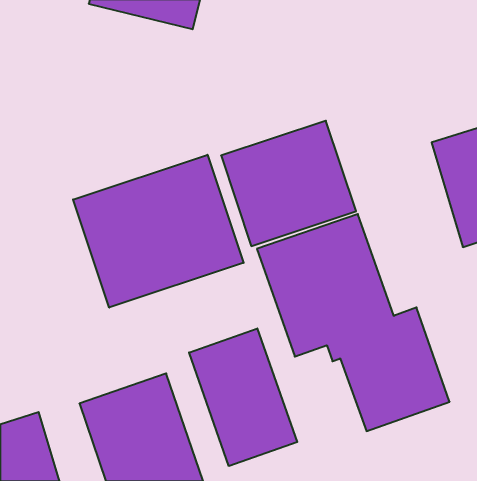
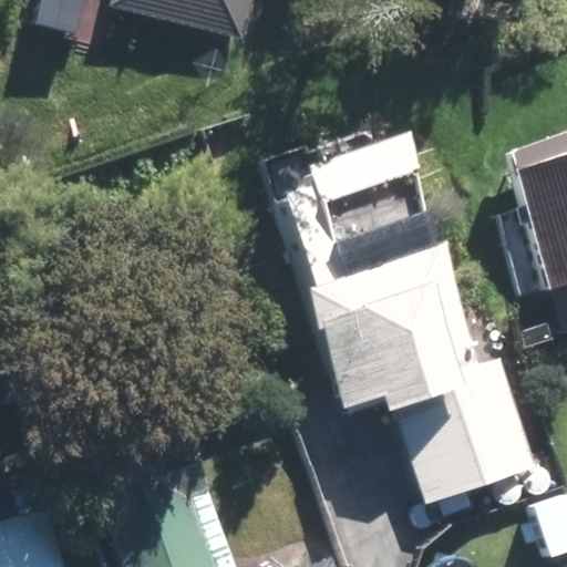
building: [73,155,244,308] -> none
building: [189,328,297,466] -> none

